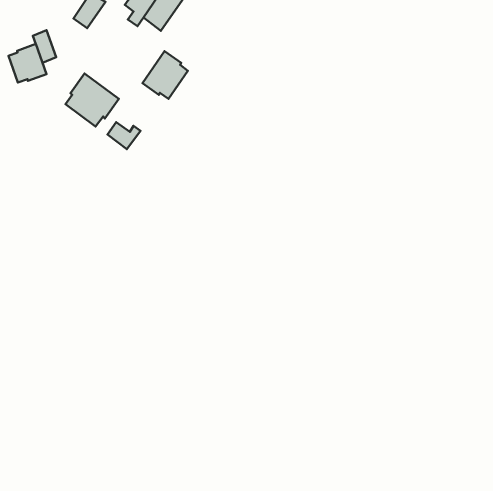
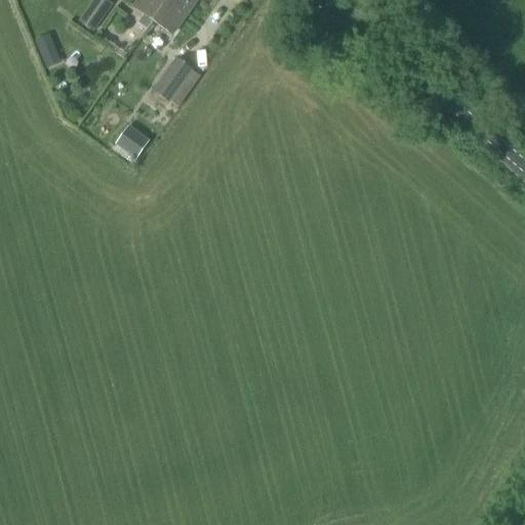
building: [9,44,47,83] -> none
building: [66,74,119,127] -> none

